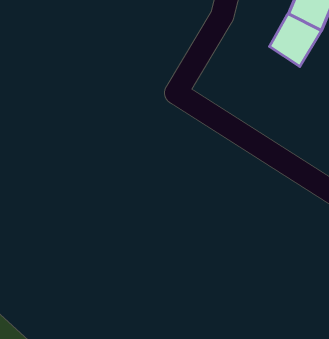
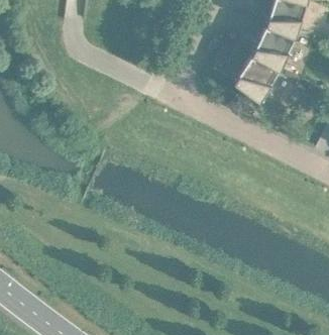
building: none -> [235,51,281,98]

